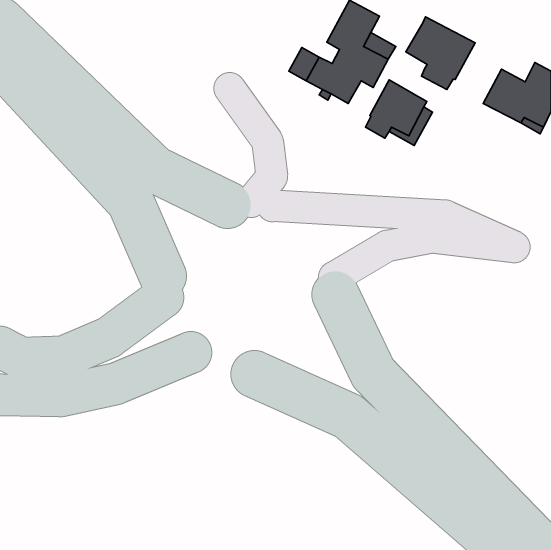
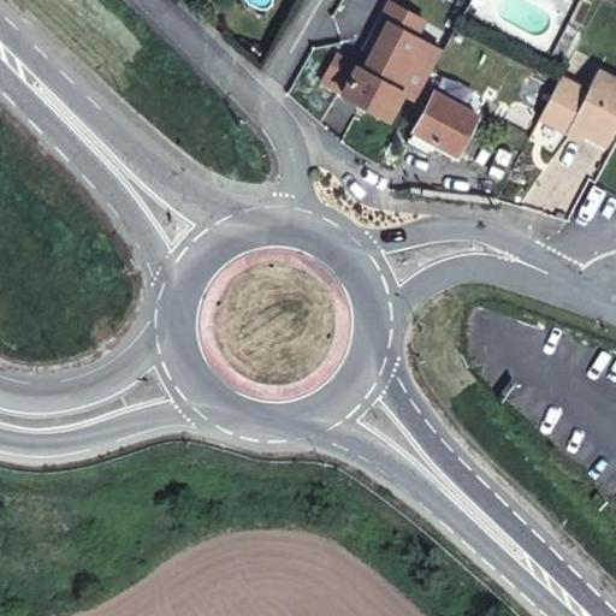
building: [406,17,475,90] -> none

